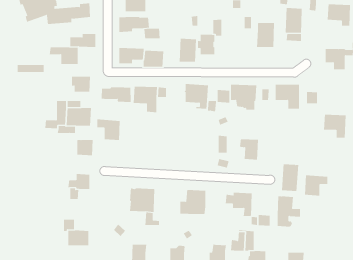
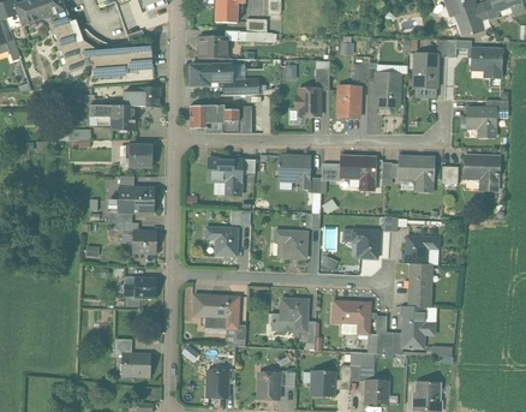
building: [179,38,197,62] -> [336,84,360,117]
building: [101,87,131,103] -> none
building: [323,114,347,138] -> [466,155,497,187]
building: [97,119,121,140] -> [205,226,238,255]
building: none -> [275,229,307,257]
building: [304,175,328,196] -> [406,234,438,263]

